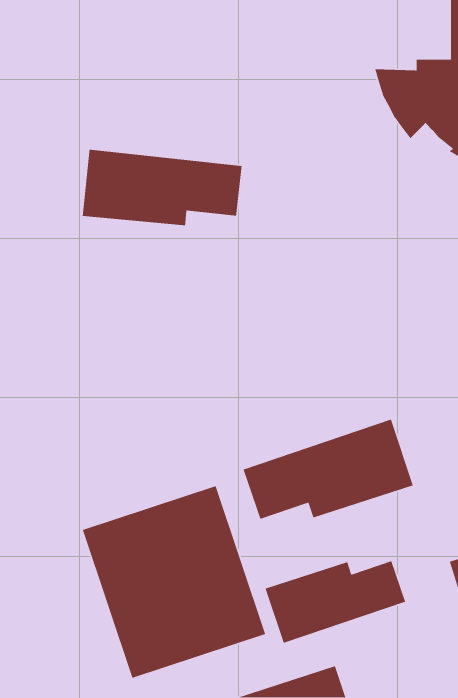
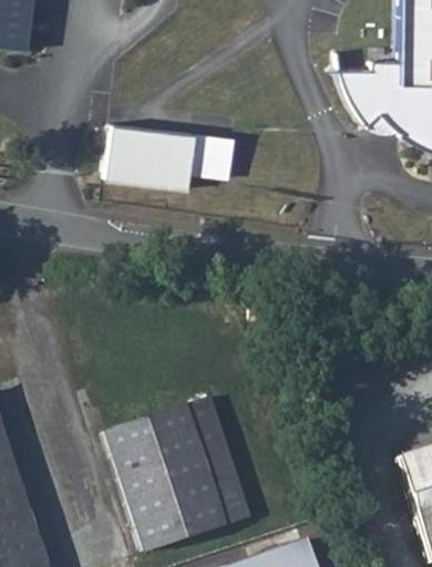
building: [242,419,414,520] -> none
building: [264,560,406,644] -> none

